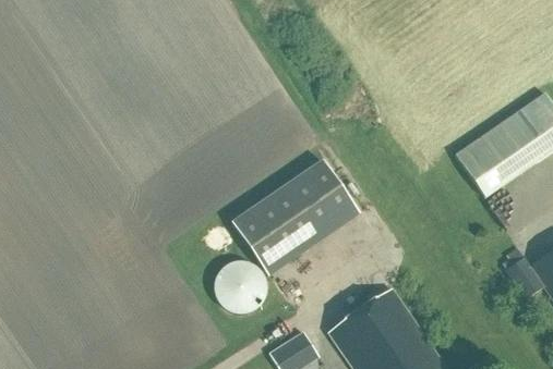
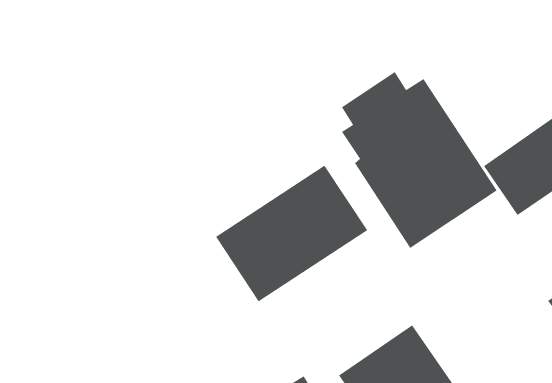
building: none -> [341,71,497,249]
building: [212,261,265,313] -> none

